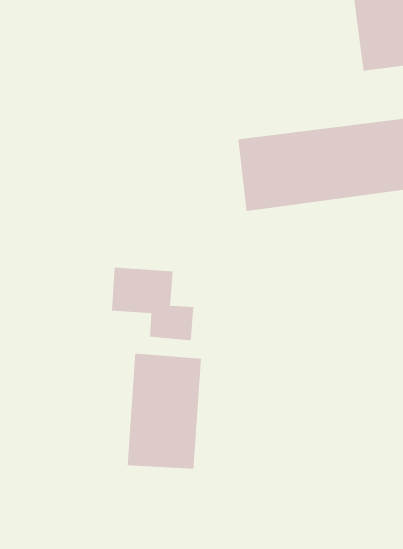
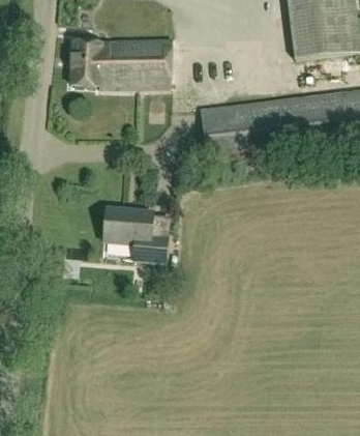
building: none -> [69,37,172,87]
building: [127,353,202,469] -> none

